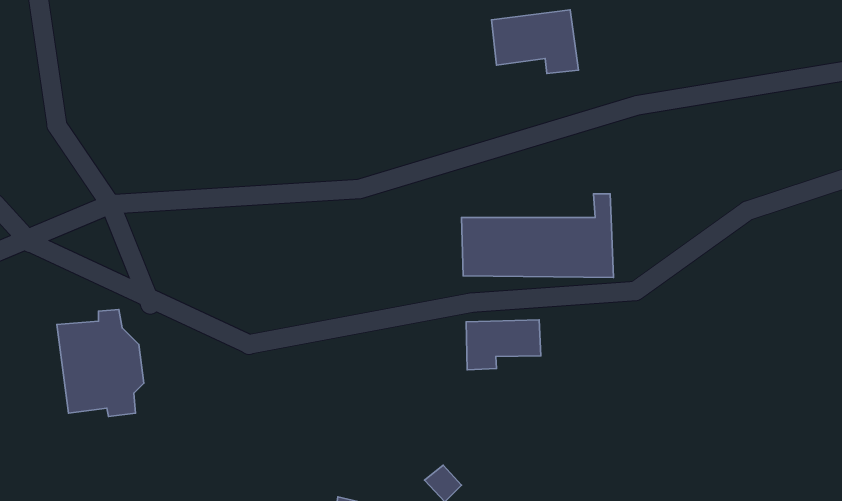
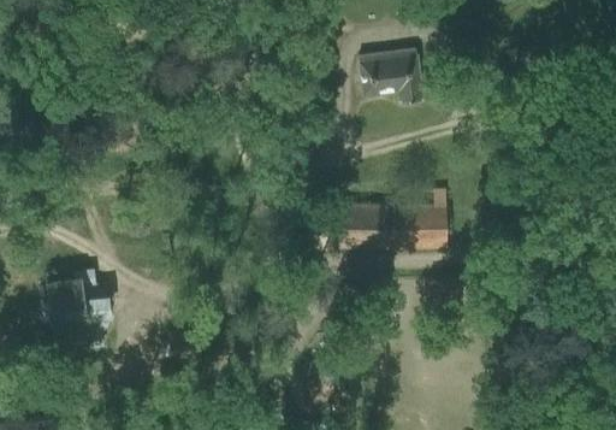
building: [466,320,541,370] -> none

